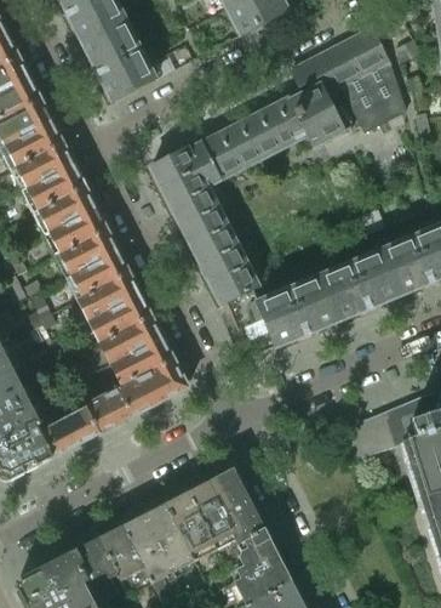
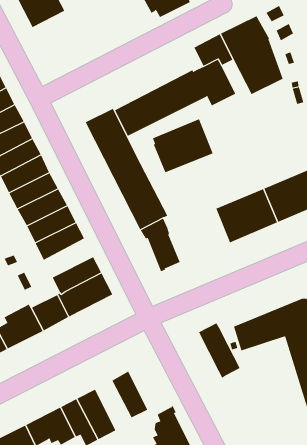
building: [85,22,156,101] -> none
building: [259,275,338,346] -> [152,118,214,173]
building: [99,314,164,364] -> none
building: [208,472,263,544] -> [198,323,241,378]
building: [166,496,212,561] -> none

